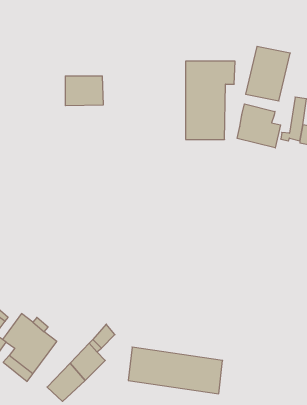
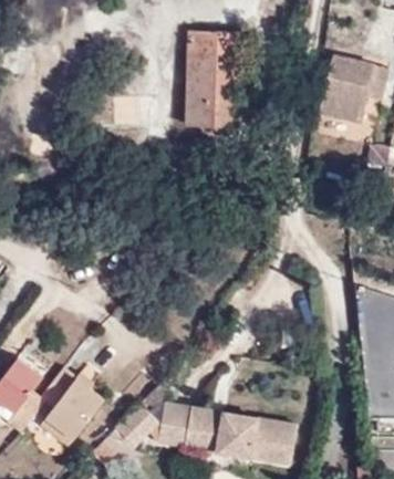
building: [186,61,235,139] -> [187,33,245,124]
building: [237,104,281,148] -> none
building: none -> [158,402,188,445]

